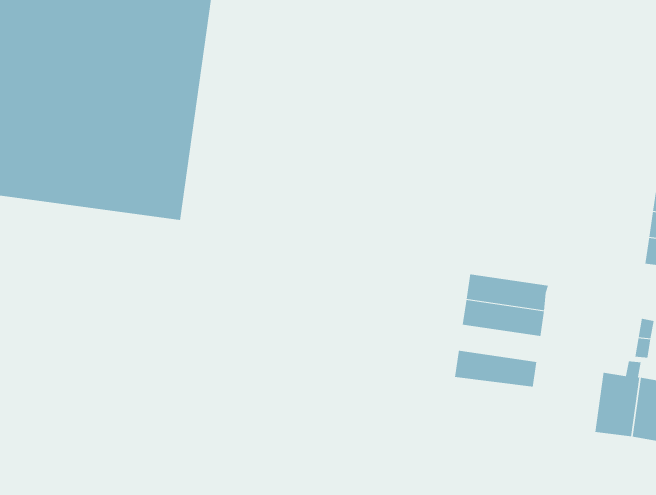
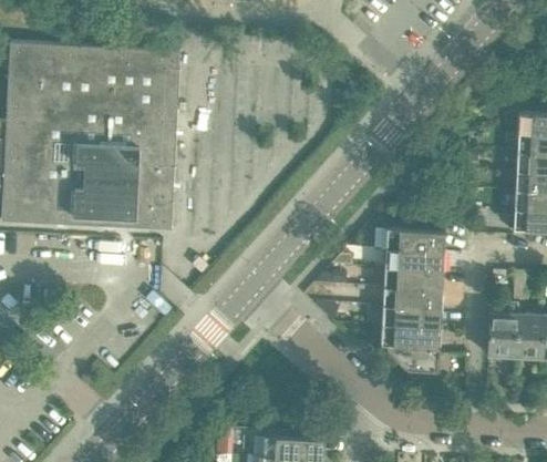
building: none -> [385,228,445,251]
building: none -> [382,286,442,308]
building: none -> [380,325,440,372]

